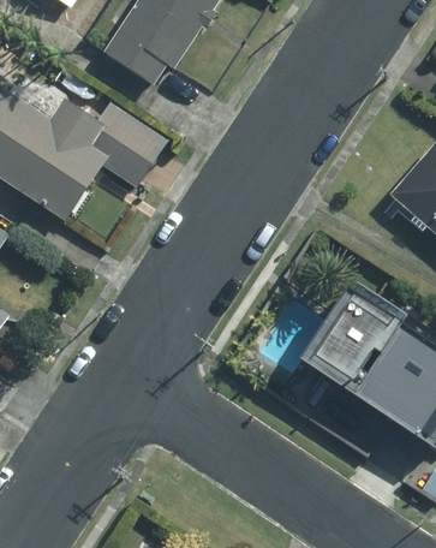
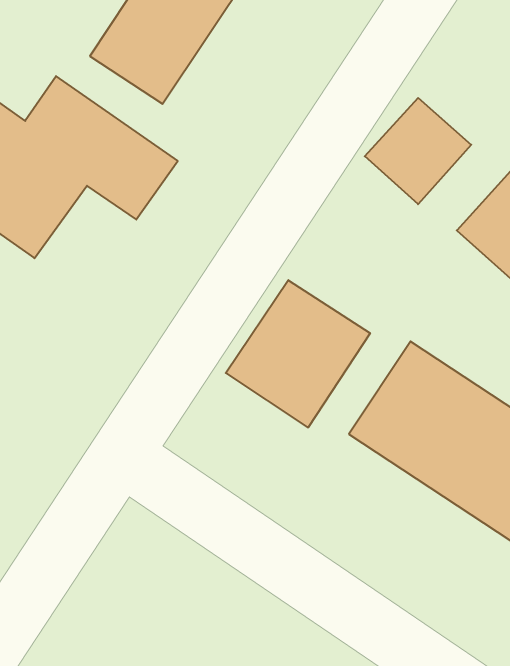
building: none -> [365,98,471,204]
building: none -> [226,280,370,428]

